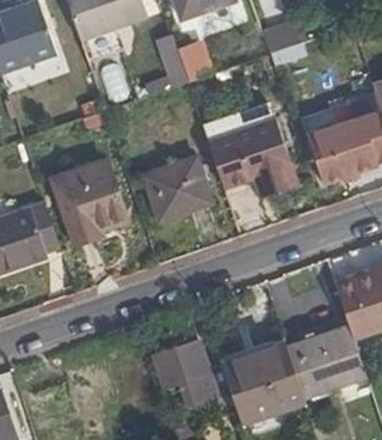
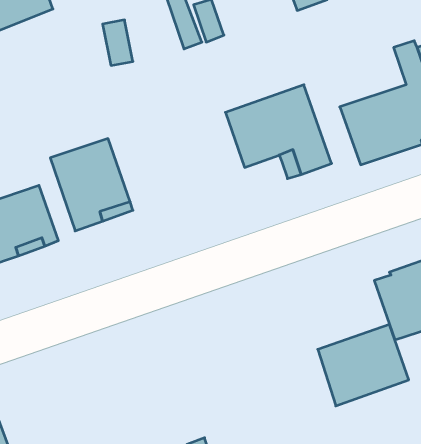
building: [143,159,211,222] -> none
building: [155,341,216,403] -> none
building: [222,342,304,422] -> none

